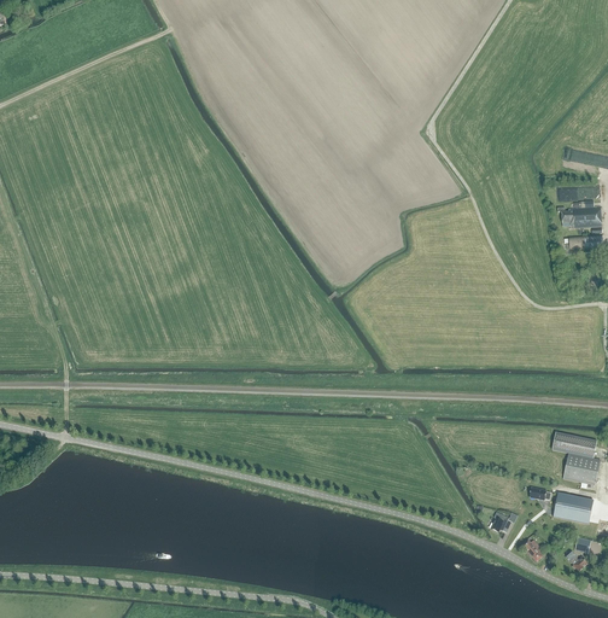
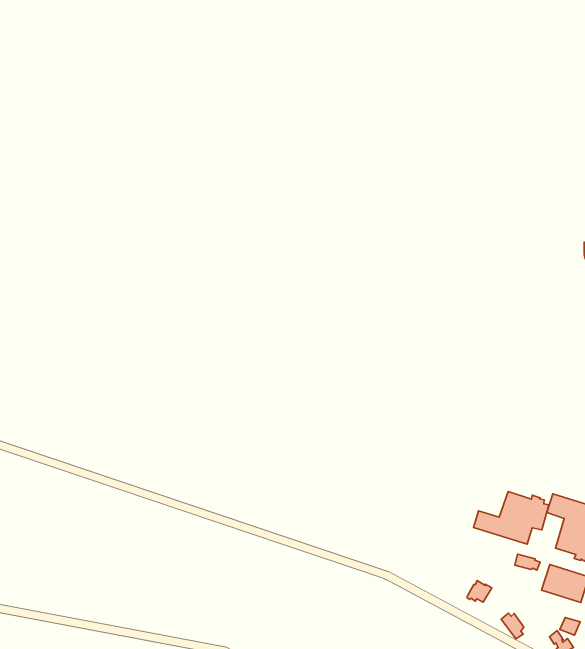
building: none -> [474,492,549,544]

